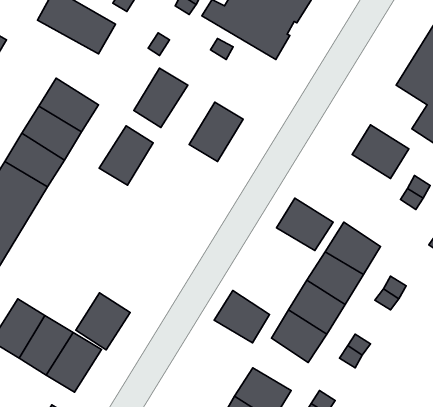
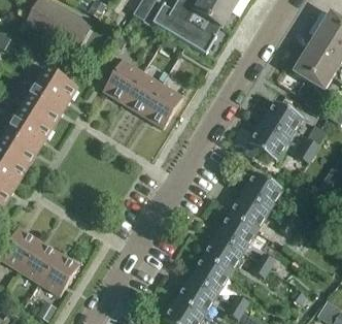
building: [99,126,153,185] -> [123,71,162,115]
building: [277,198,333,251] -> [248,122,289,160]
building: [214,291,270,343] -> [190,256,230,294]
building: [76,293,130,350] -> none

